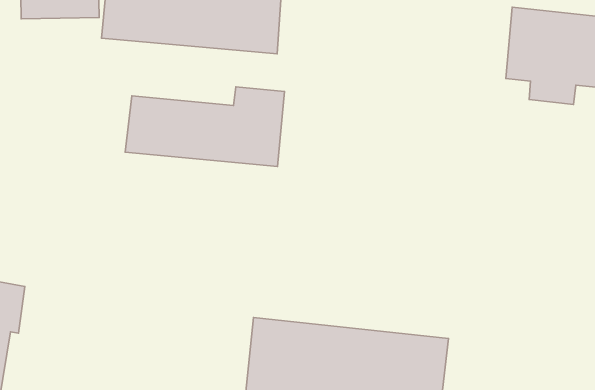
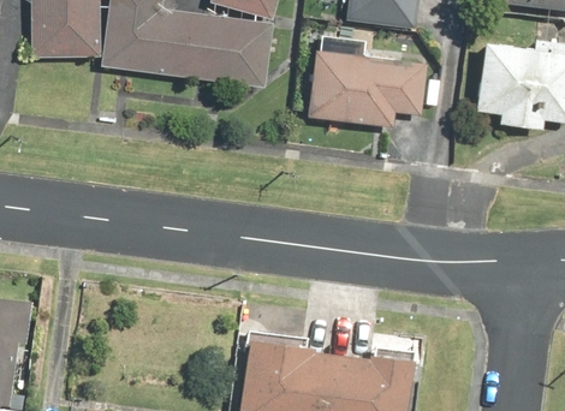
building: none -> [311,52,430,129]
building: [125,87,285,167] -> none

